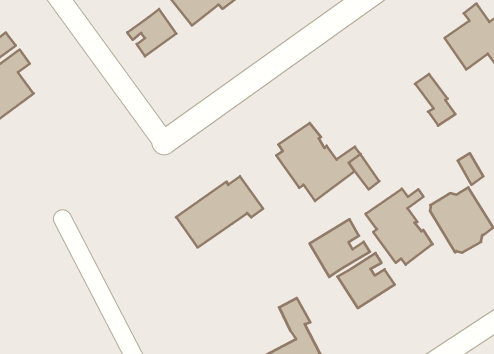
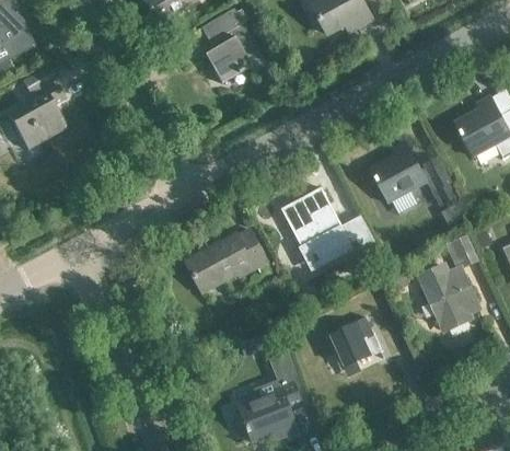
building: [127,9,176,56] -> none
building: none -> [371,142,426,201]
building: [366,189,433,265] -> none
building: [310,219,370,277] -> none

